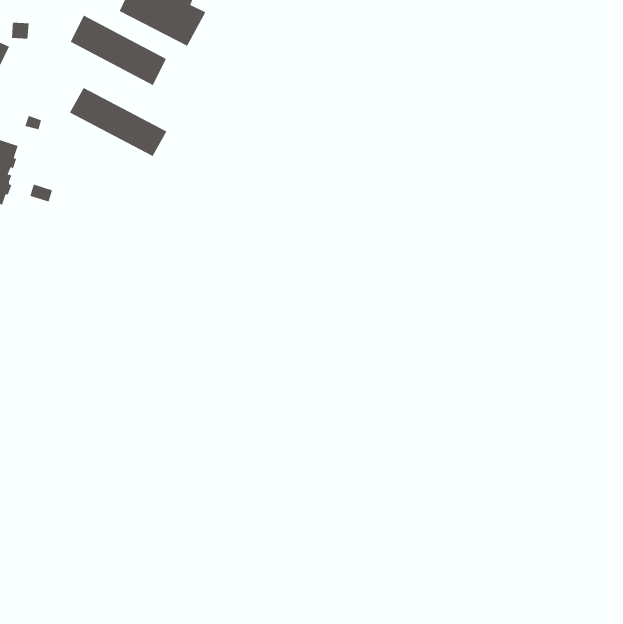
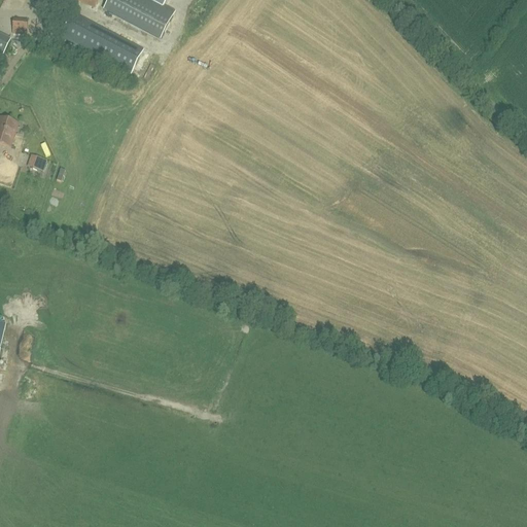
building: [69,87,167,157] -> none

